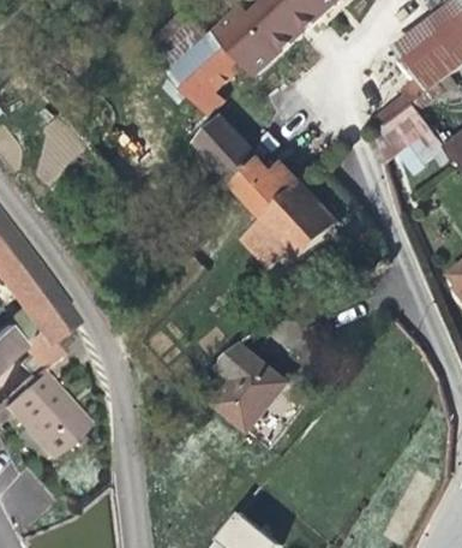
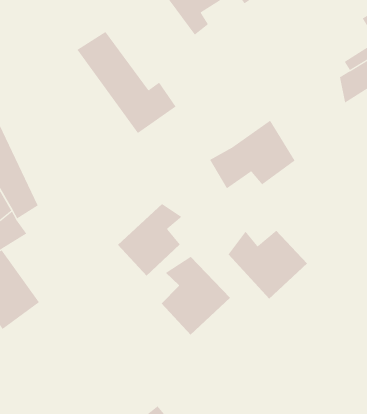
building: [191,124,304,226] -> [77,31,176,134]
building: none -> [117,203,182,276]
building: none -> [228,230,308,299]

